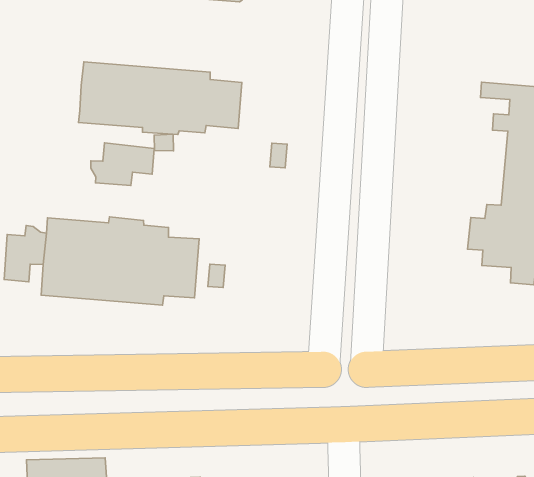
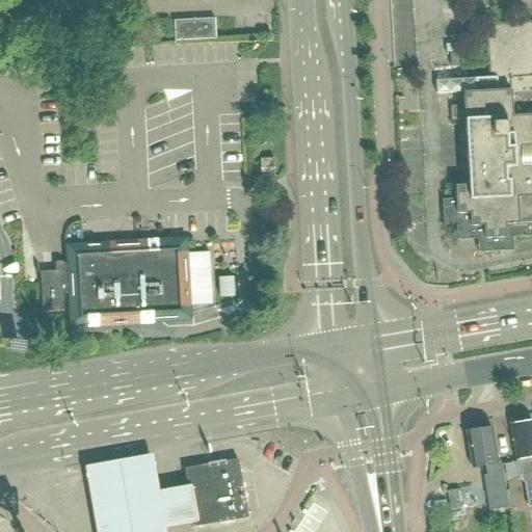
building: [79,62,242,135] -> none
building: [91,143,154,185] -> none

